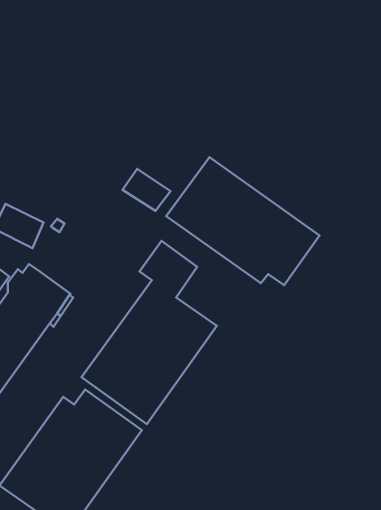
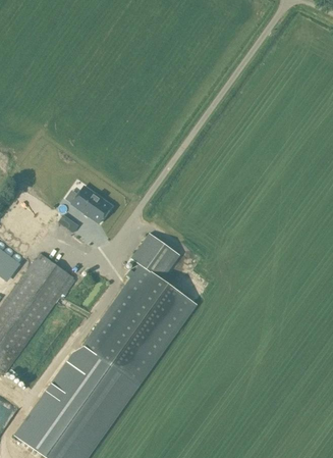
building: [166,157,319,285] -> none
building: [122,169,170,211] -> [77,190,117,224]

